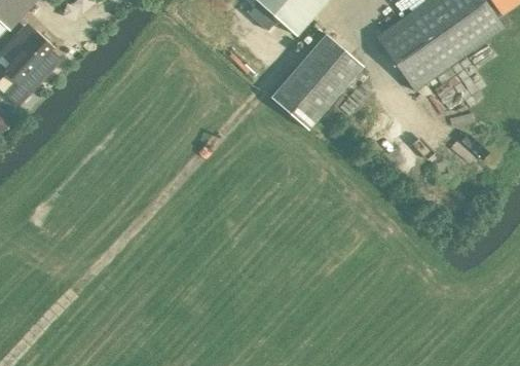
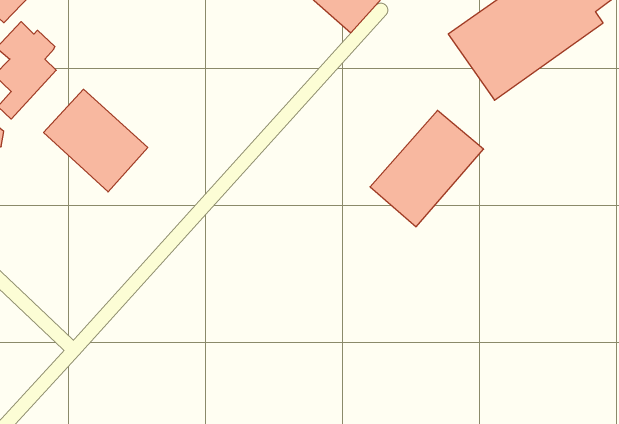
building: [270,33,364,129] -> [370,110,484,227]
building: none -> [44,89,148,192]

